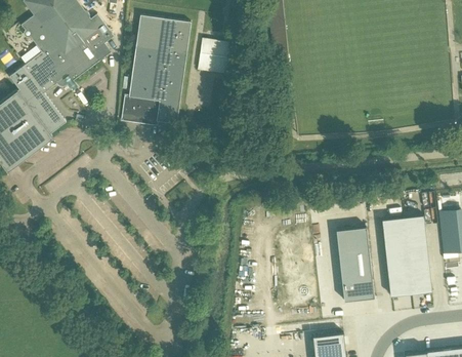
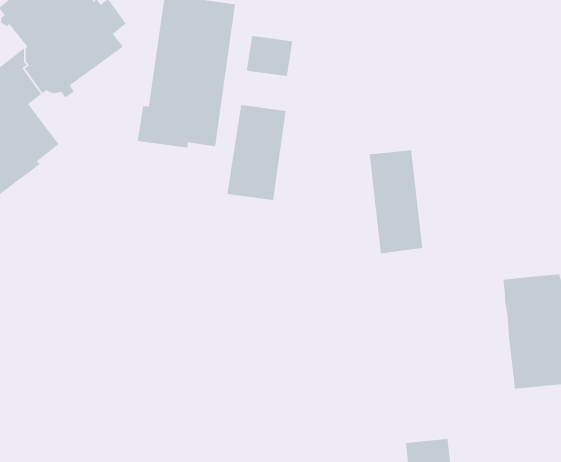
building: none -> [226,104,286,201]
building: [337,226,376,301] -> [369,149,423,254]

